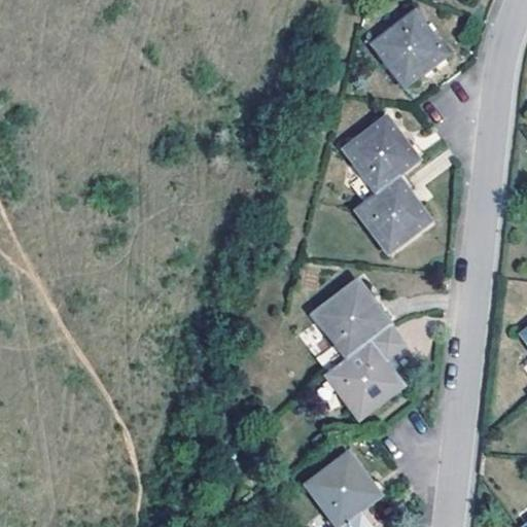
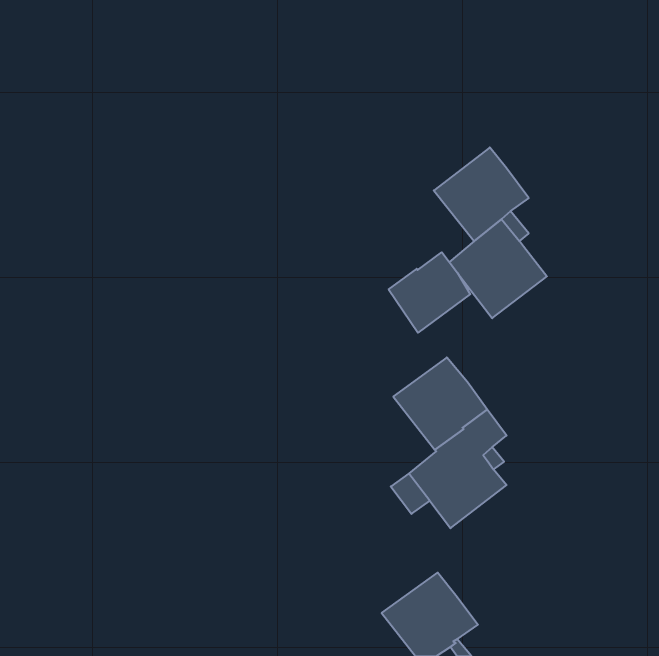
building: [374,11,448,86] -> none
building: none -> [389,252,470,333]

